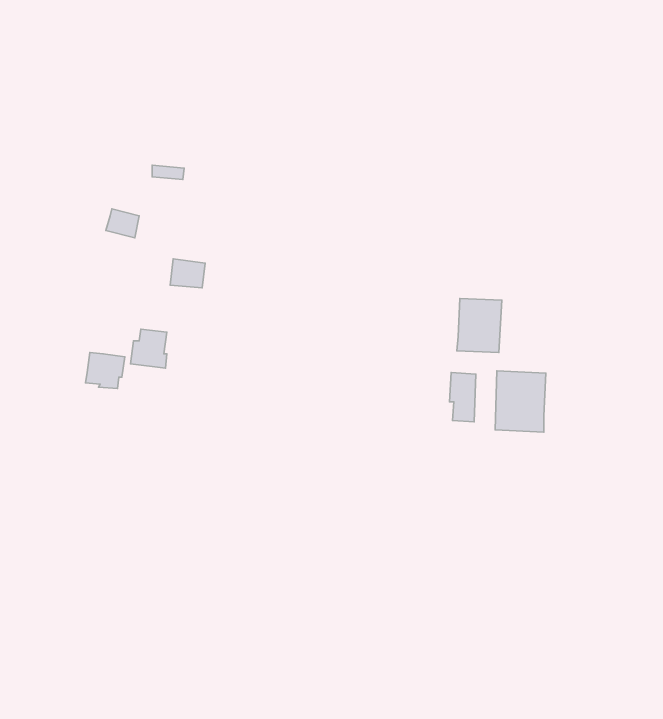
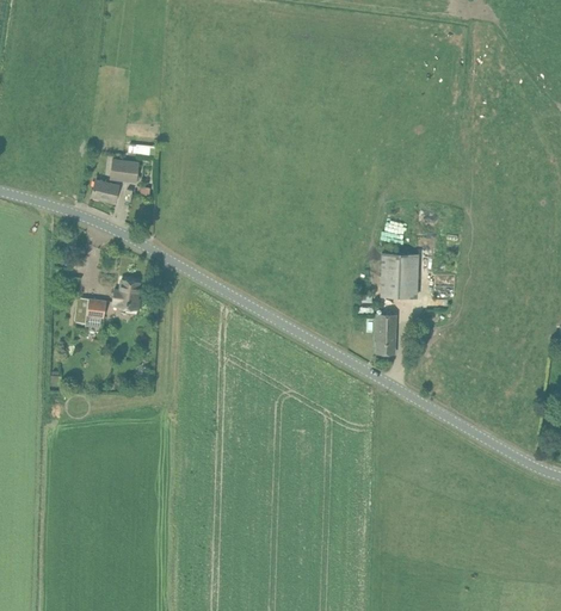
building: [170,259,205,288] -> [112,158,141,181]
building: [495,371,546,432] -> none

